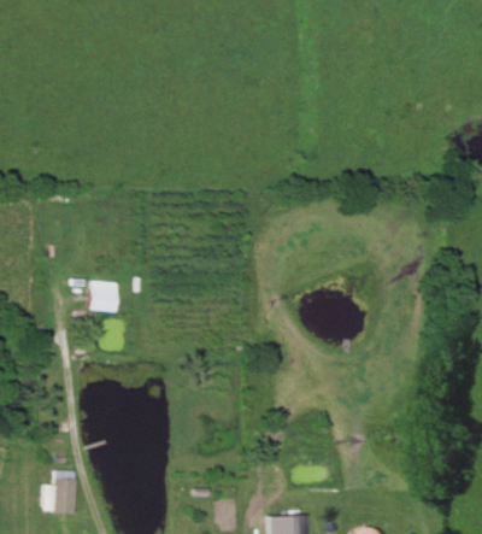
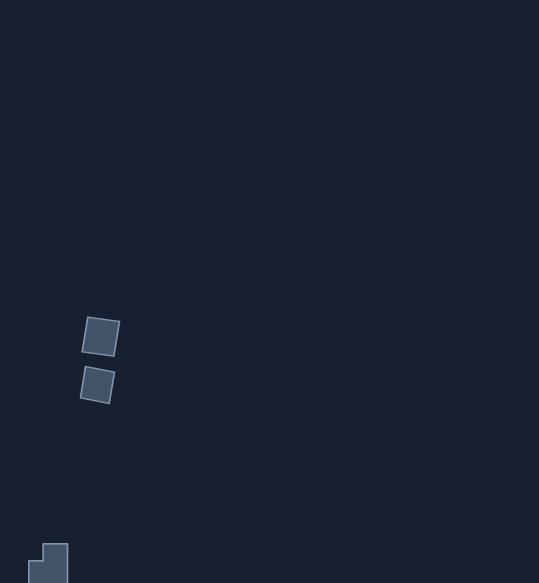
building: none -> [80,367,115,404]

